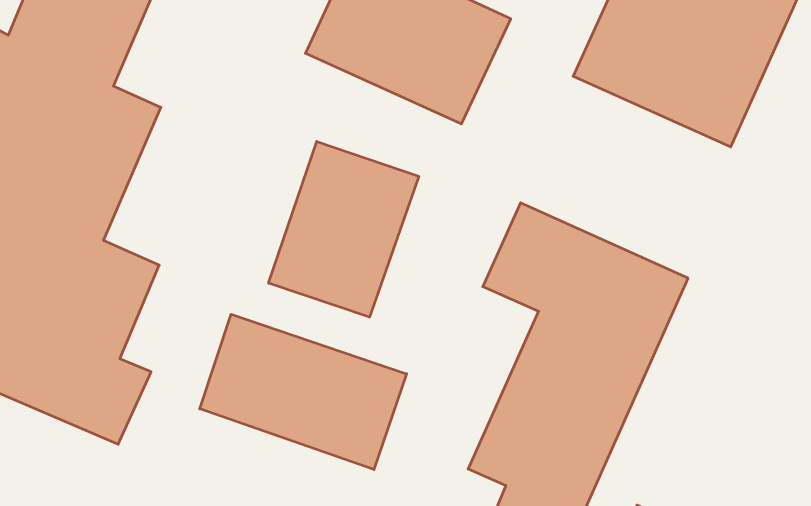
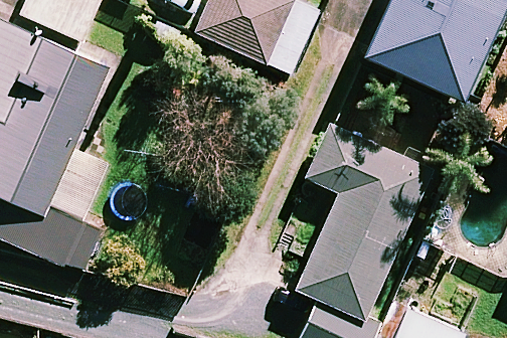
building: [269,141,419,317] -> none
building: [200,314,407,470] -> none

